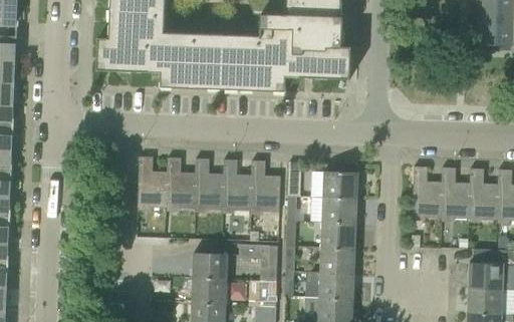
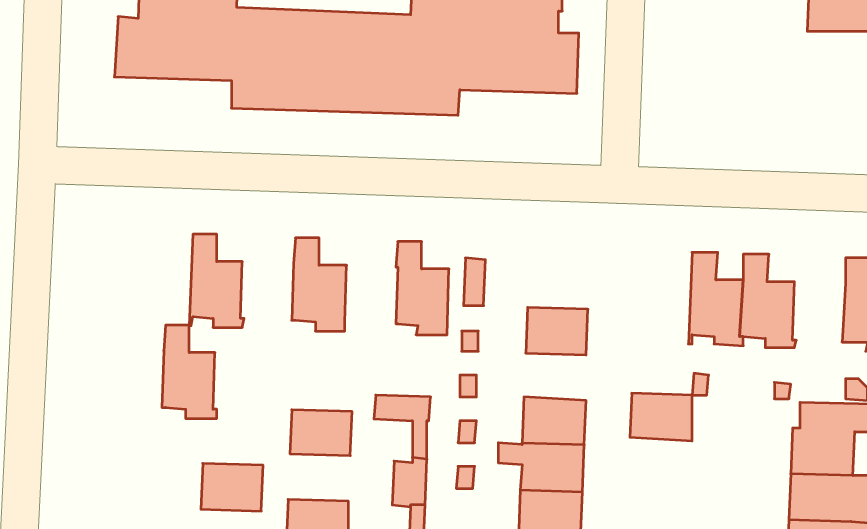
building: [166,157,196,209] -> [162,325,217,418]
building: [223,159,252,211] -> none
building: [469,169,498,220] -> none
building: [323,171,357,198] -> none
building: [321,222,355,248] -> [630,393,692,441]
building: [192,277,226,303] -> [201,463,263,511]

